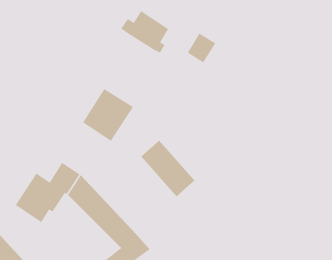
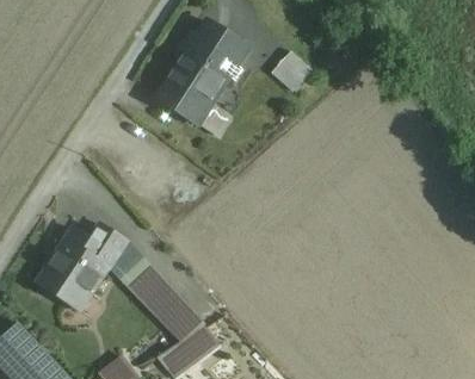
building: [82,88,134,142] -> [158,51,228,124]
building: [141,140,195,197] -> none

